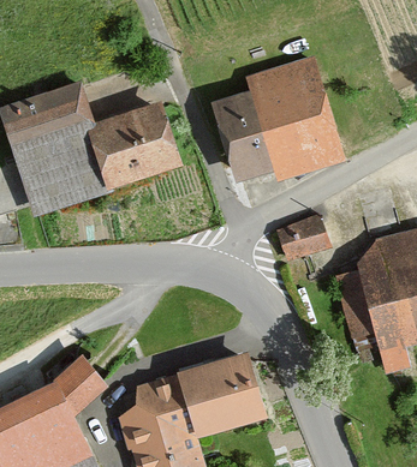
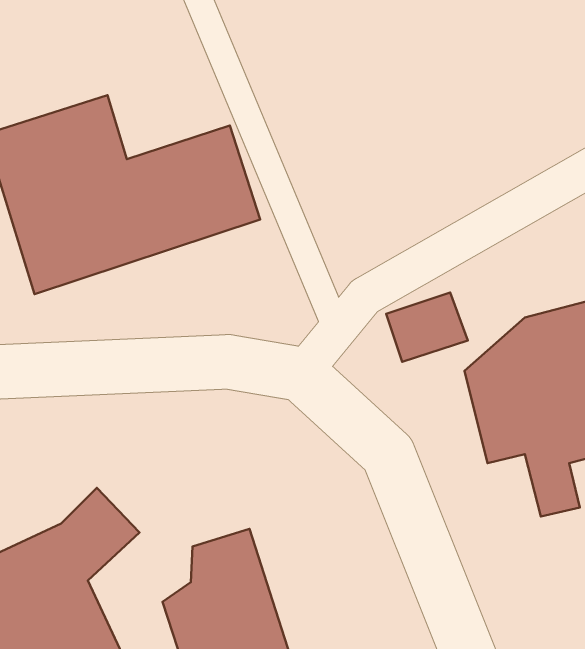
building: [214,60,346,192] -> none
building: [180,354,273,443] -> none

